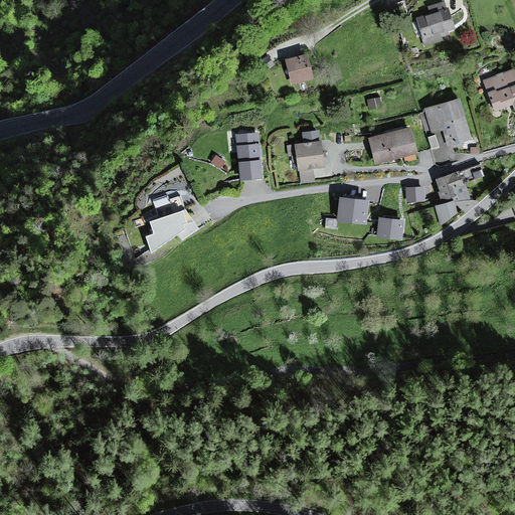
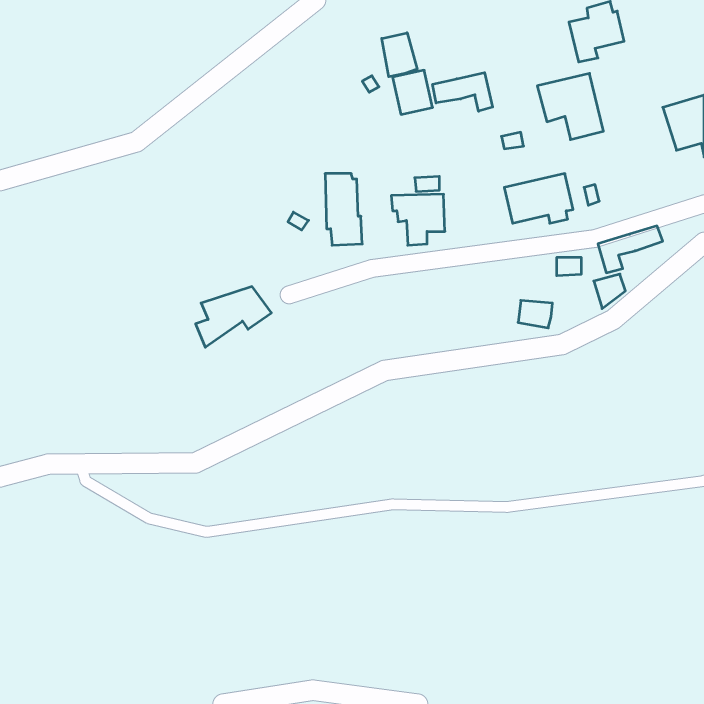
building: none -> [382,33,417,77]
building: none -> [433,73,493,111]
building: [422,99,471,147] -> [537,73,603,140]
building: [339,198,368,223] -> none

